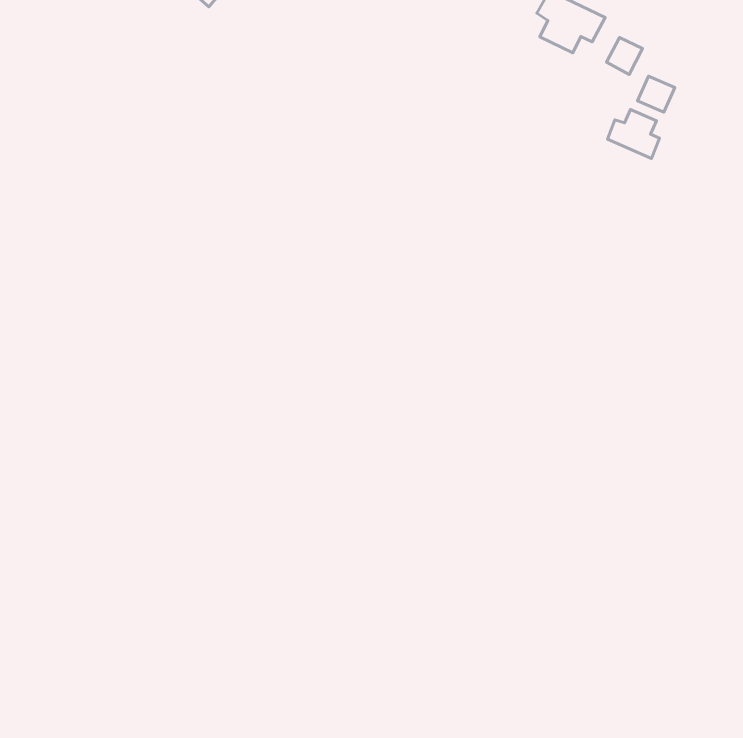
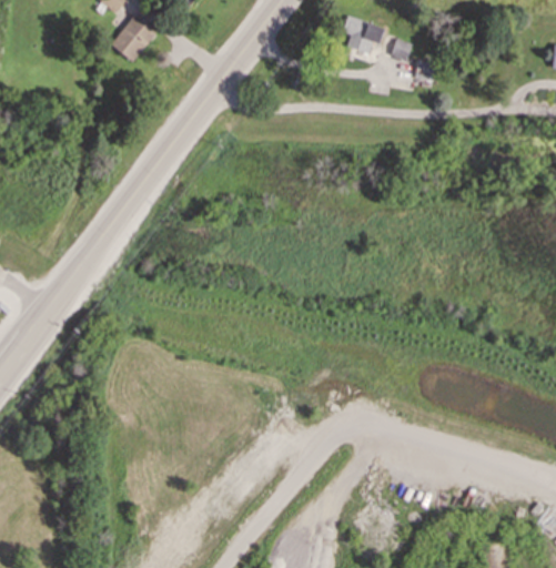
building: [608,110,660,159] -> none

